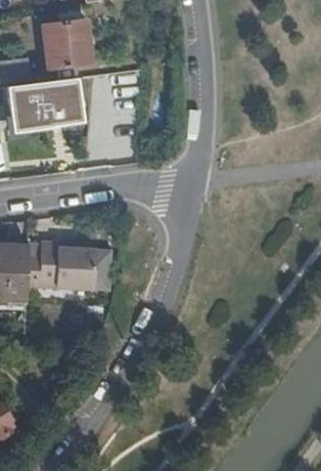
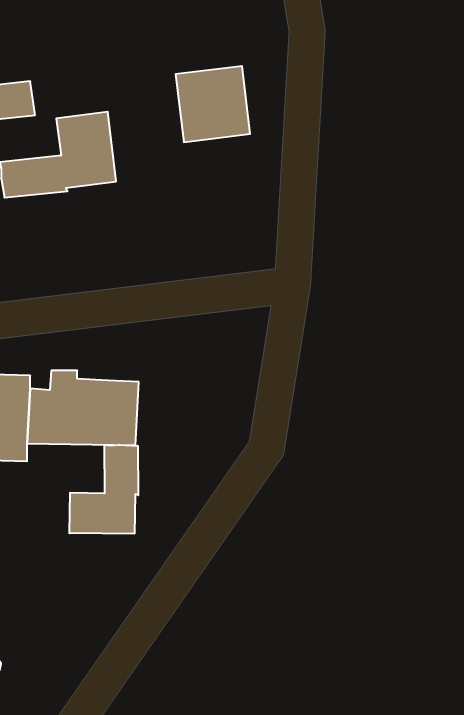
building: [45,20,92,69] -> [176,66,250,142]
building: none -> [69,445,138,534]

